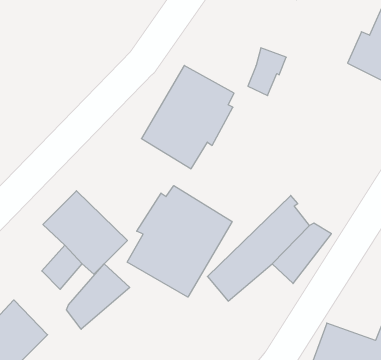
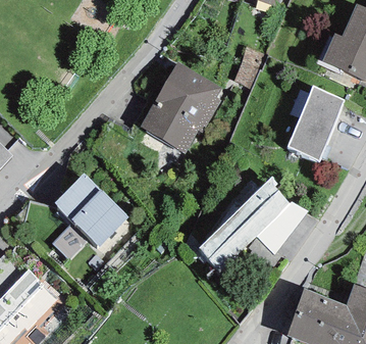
building: none -> [287,85,344,160]
building: [127,186,232,297] -> none
building: [67,264,130,329] -> none

